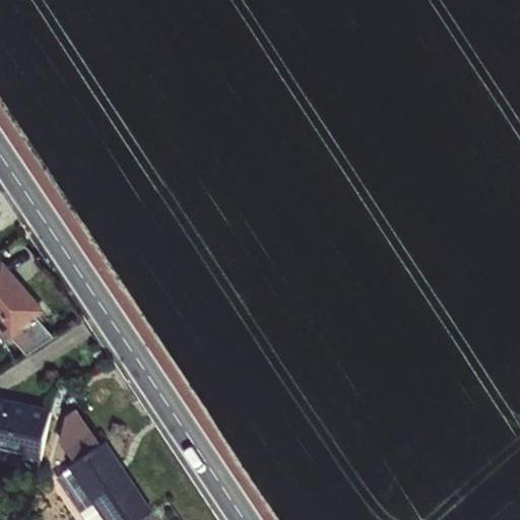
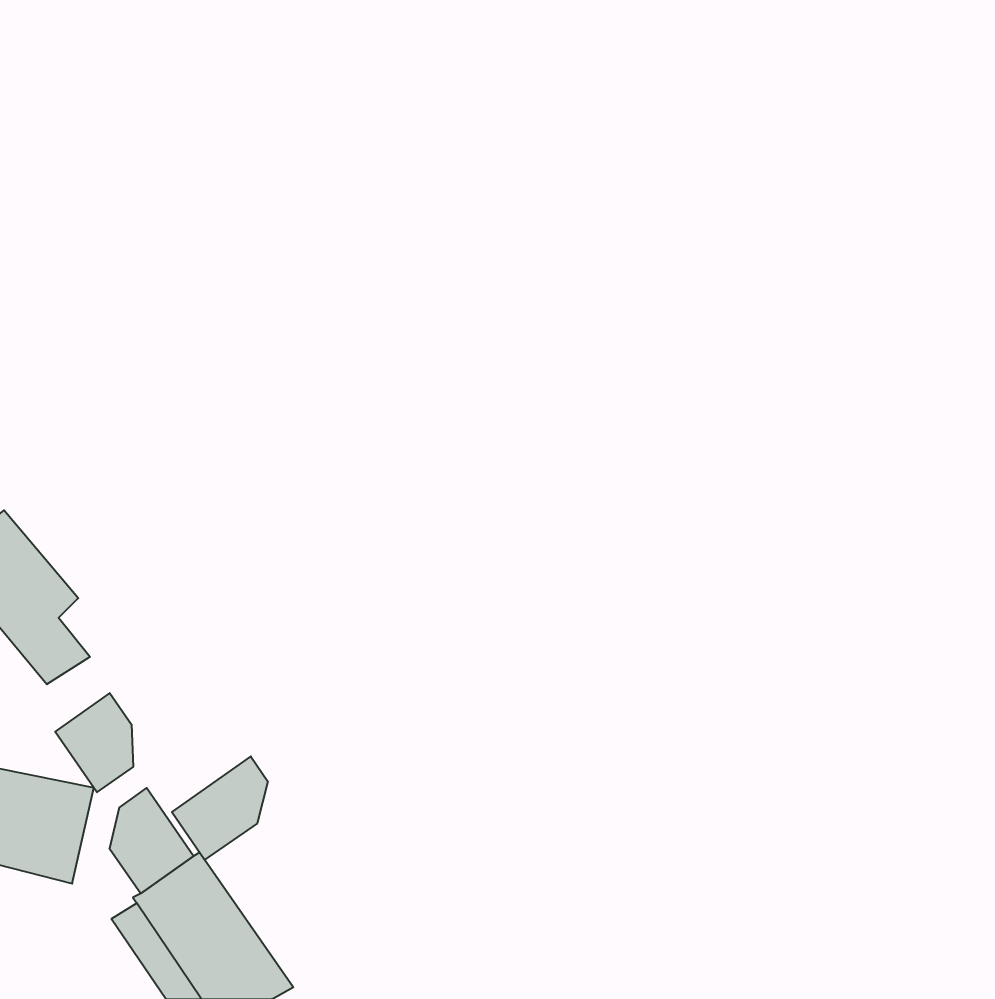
building: none -> [55,693,133,792]
building: none -> [172,756,268,860]

